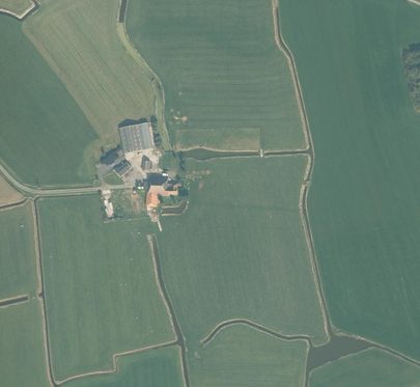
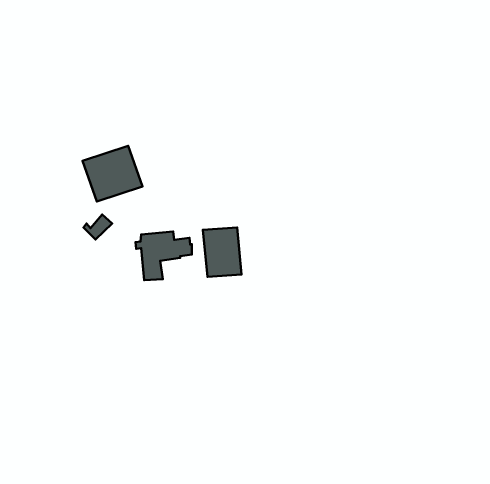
building: none -> [203,228,241,277]

